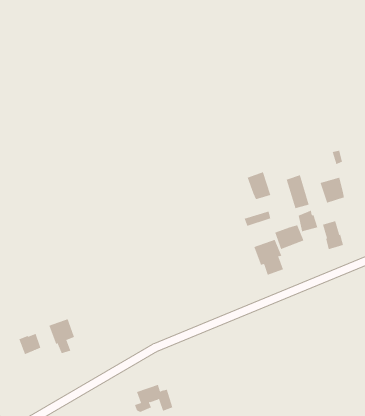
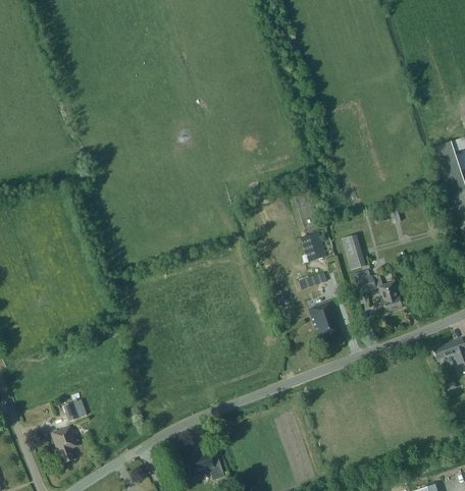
building: [320,177,345,204] -> none
building: [274,225,304,250] -> none
building: [49,319,75,354] -> [50,425,77,461]

